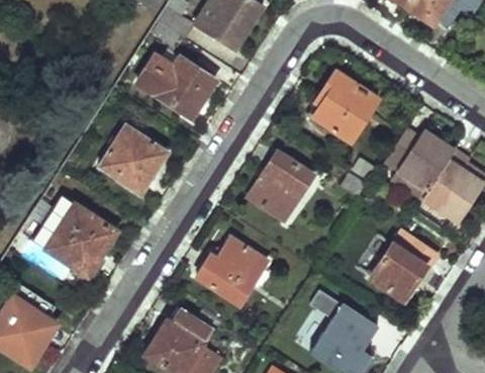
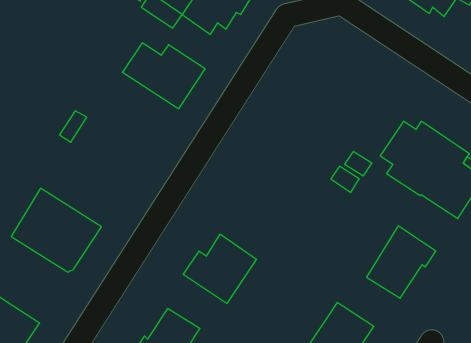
building: [312,71,377,141] -> none
building: [97,122,164,192] -> none
building: [250,151,313,217] -> none

